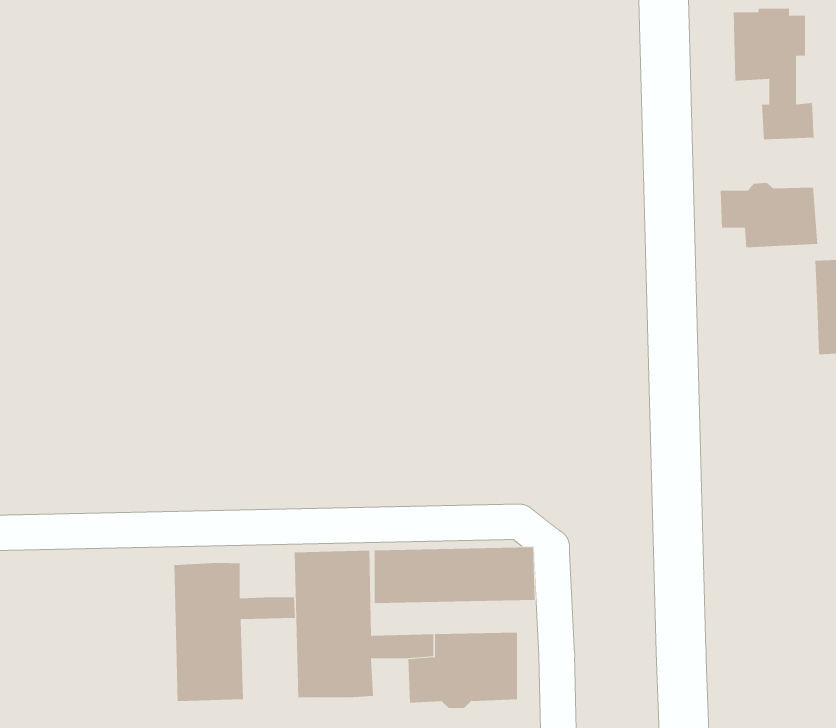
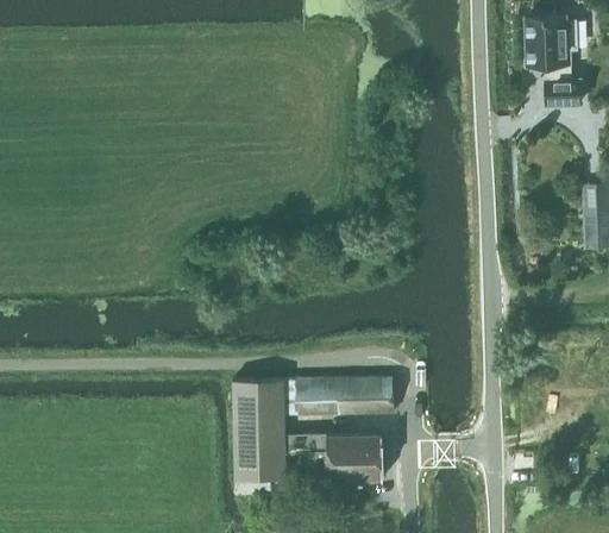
building: [720,182,818,248] -> none
building: [174,562,295,702] -> none

